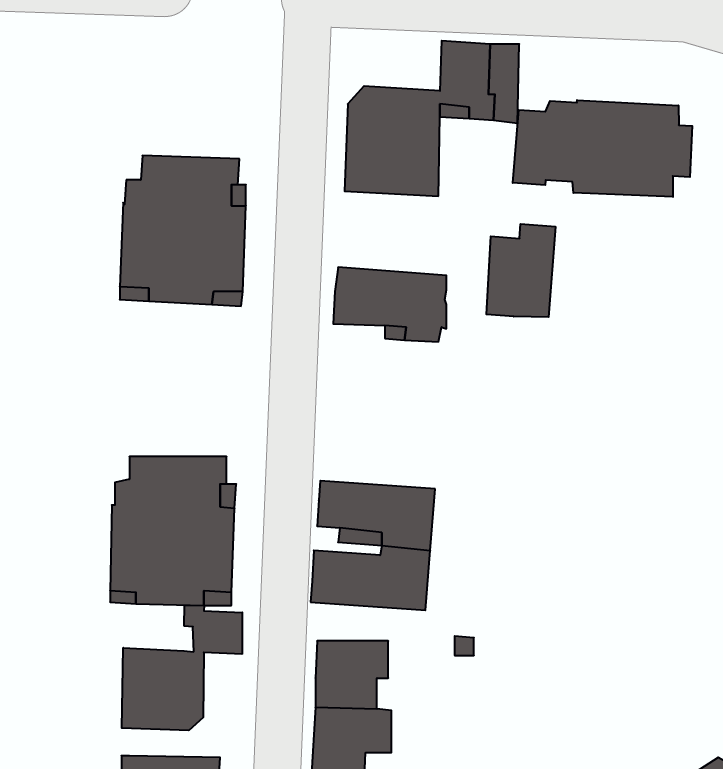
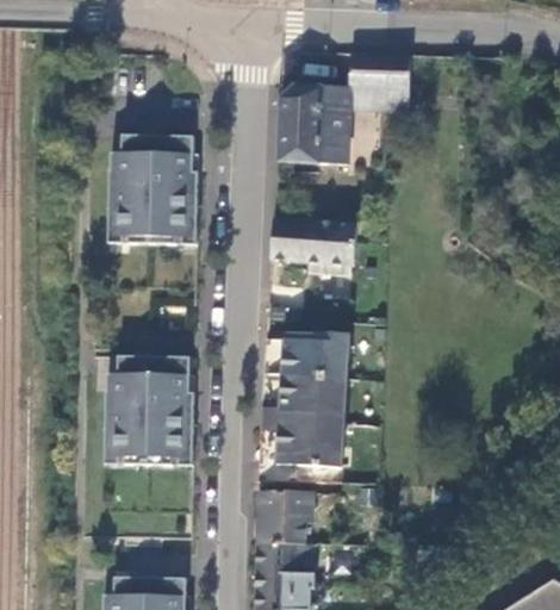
building: [513,100,692,197] -> none
building: [486,224,555,317] -> none
building: none -> [260,332,348,381]
building: [122,605,242,730] -> none

